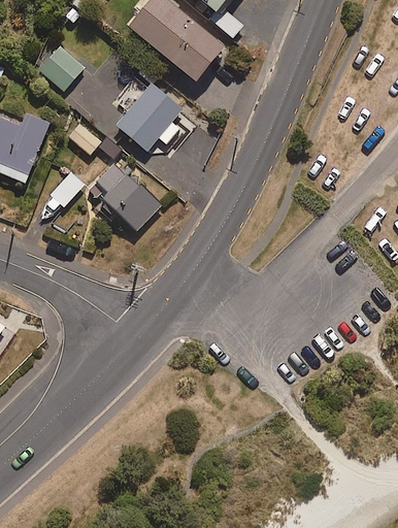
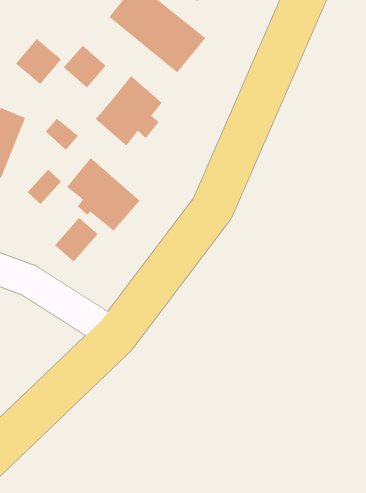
building: none -> [63,45,107,88]
building: none -> [54,217,98,262]

